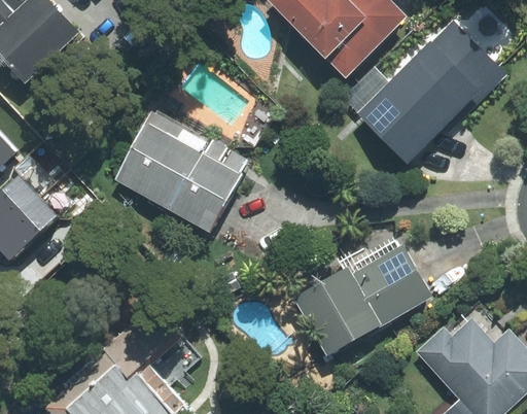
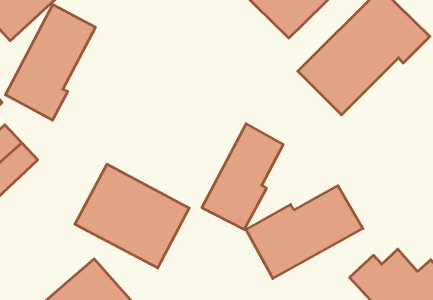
building: none -> [5,5,95,120]
building: [114,111,246,231] -> [75,164,189,268]
building: none -> [202,124,283,230]

